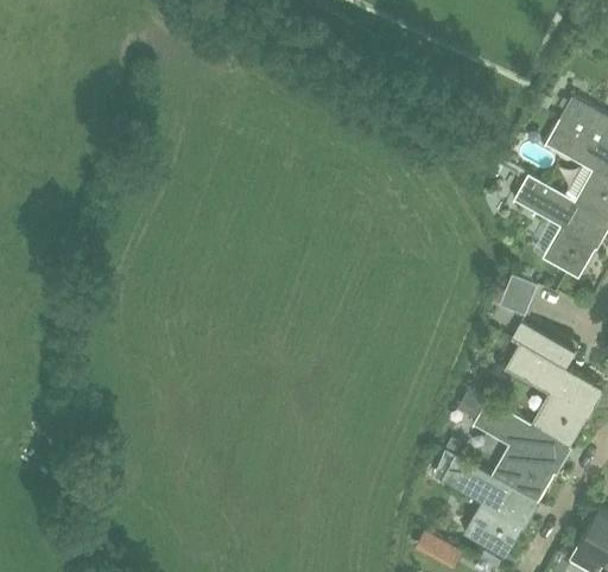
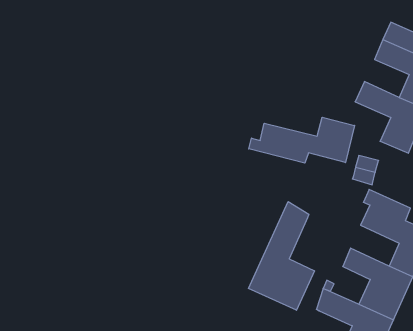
building: none -> [249,117,355,163]
building: none -> [248,202,314,310]

